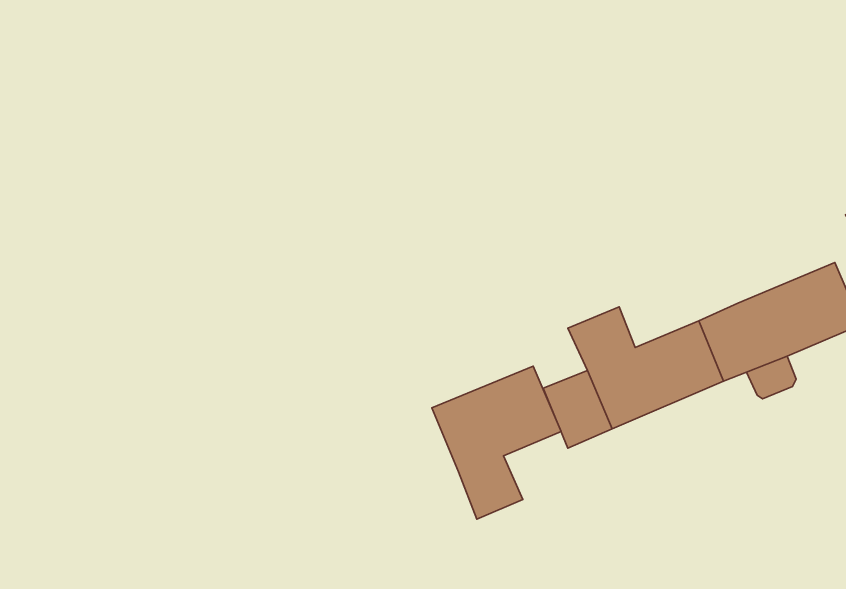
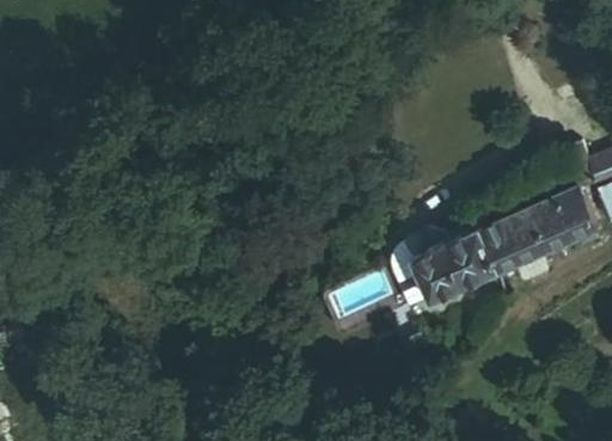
building: [432,366,561,519] -> none

